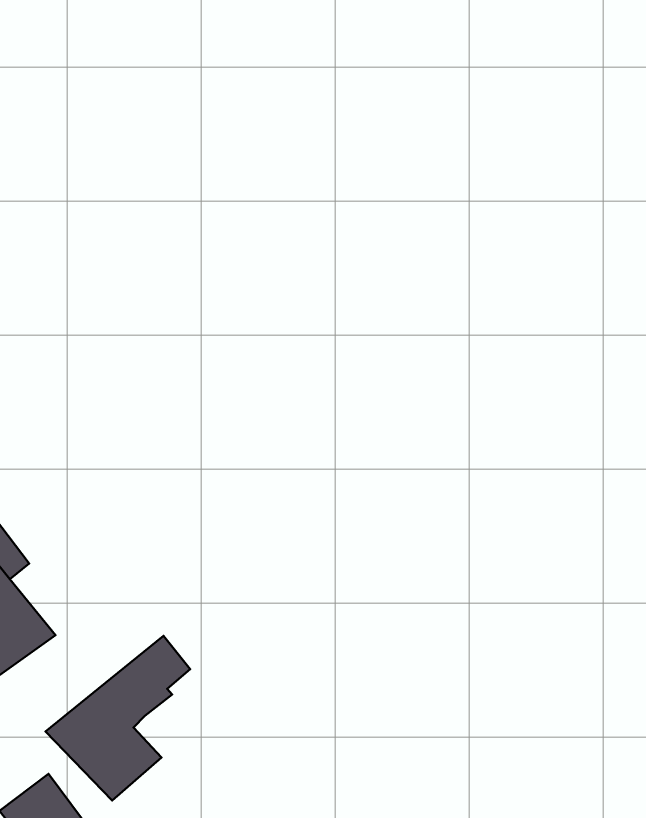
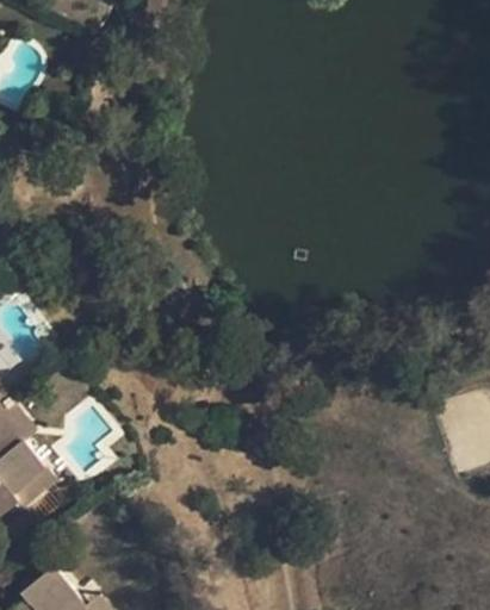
building: [46,636,190,801] -> none

